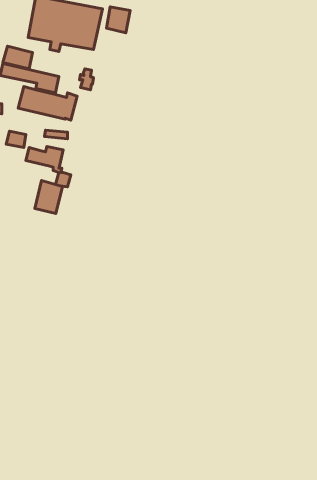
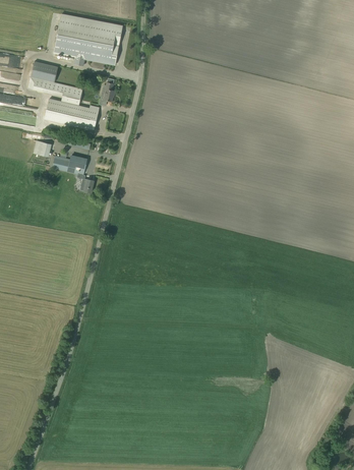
building: [106,7,130,33] -> none
building: [35,181,62,214] -> none

